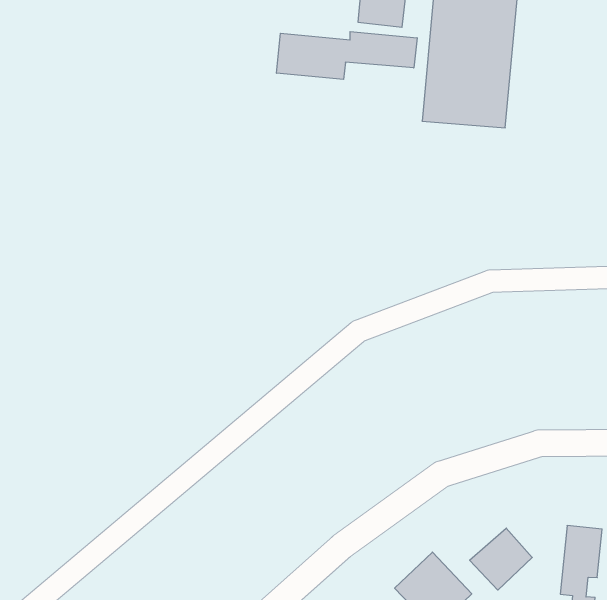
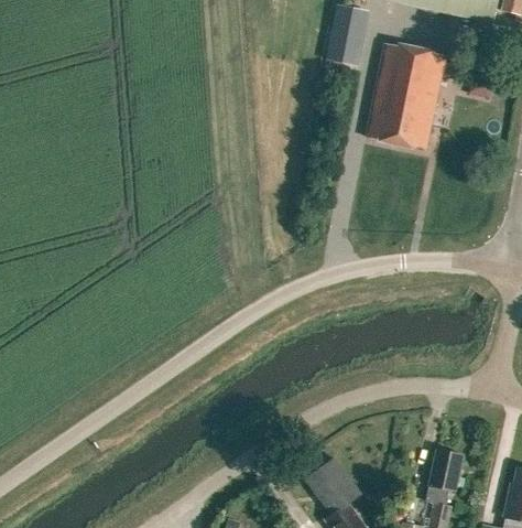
building: [277,32,417,79] -> none
building: [470,528,532,590] -> none

